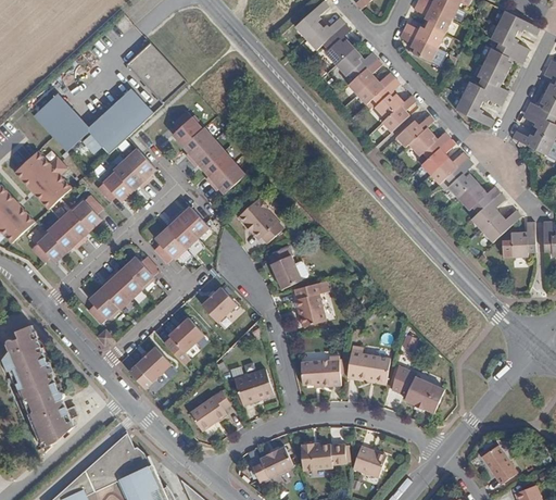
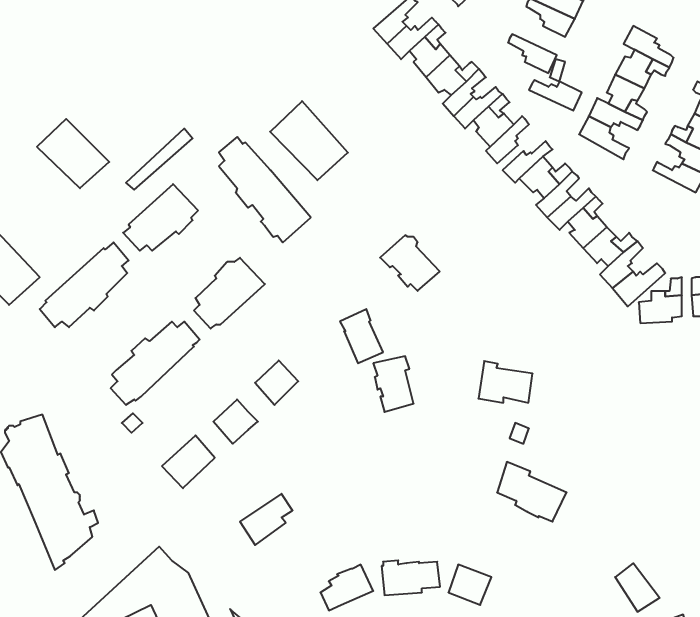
building: [496,10,539,35] -> none
building: [402,23,443,47] -> [529,80,582,111]
building: [124,41,185,103] -> [270,101,348,180]
building: [87,90,146,147] -> none
building: [13,151,71,209] -> none
building: [237,199,283,242] -> [380,235,440,291]
building: [346,348,389,380] -> [478,361,533,403]
building: [300,355,340,386] -> none
building: [233,368,273,404] -> none

